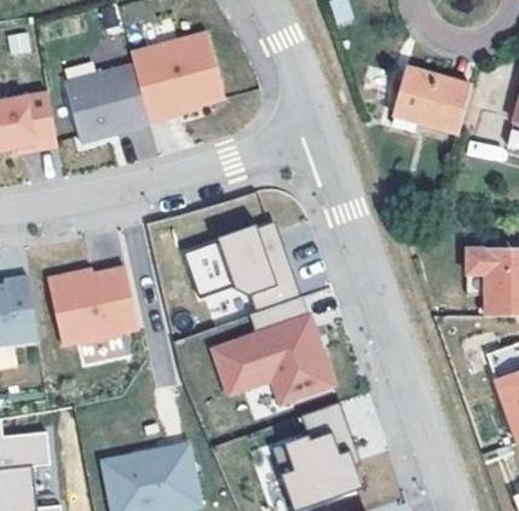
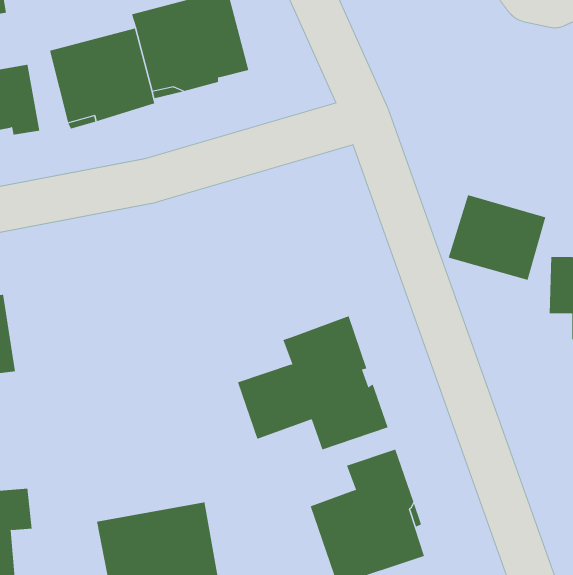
building: [392,65,471,134] -> [448,194,546,281]
building: [185,222,302,311] -> none
building: [46,269,137,346] -> none

